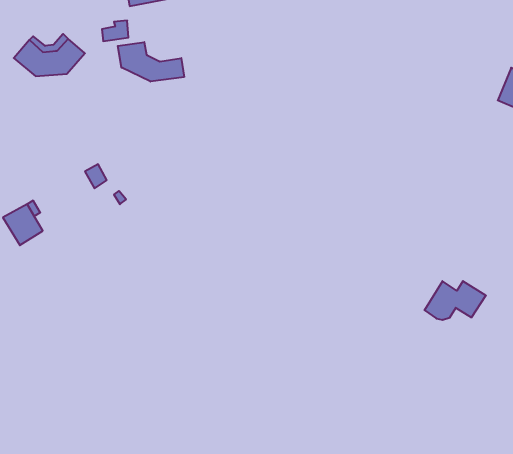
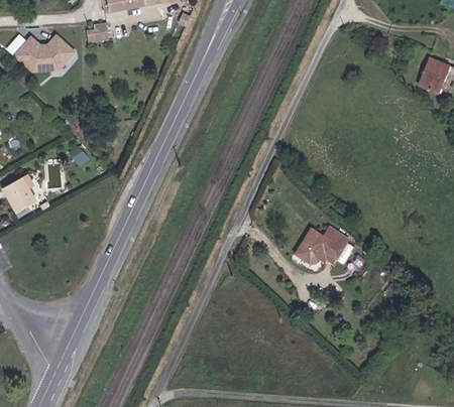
building: [118,42,184,82] -> none
building: [424,281,486,320] -> [299,226,350,258]

